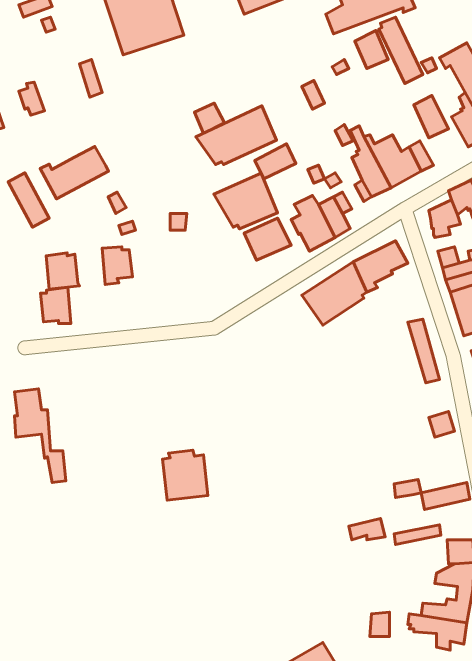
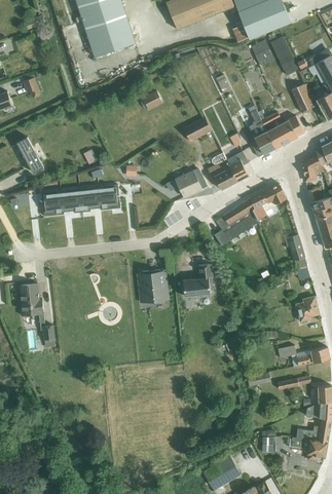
building: [196,106,276,165] -> none
building: [40,146,108,199] -> none
building: [214,173,278,229] -> none
building: none -> [98,184,120,211]
building: [41,287,71,323] -> [61,188,81,213]
building: none -> [182,263,214,298]
building: [163,450,208,500] -> [138,269,169,303]

